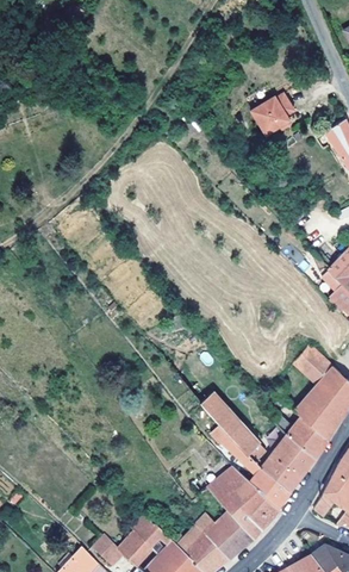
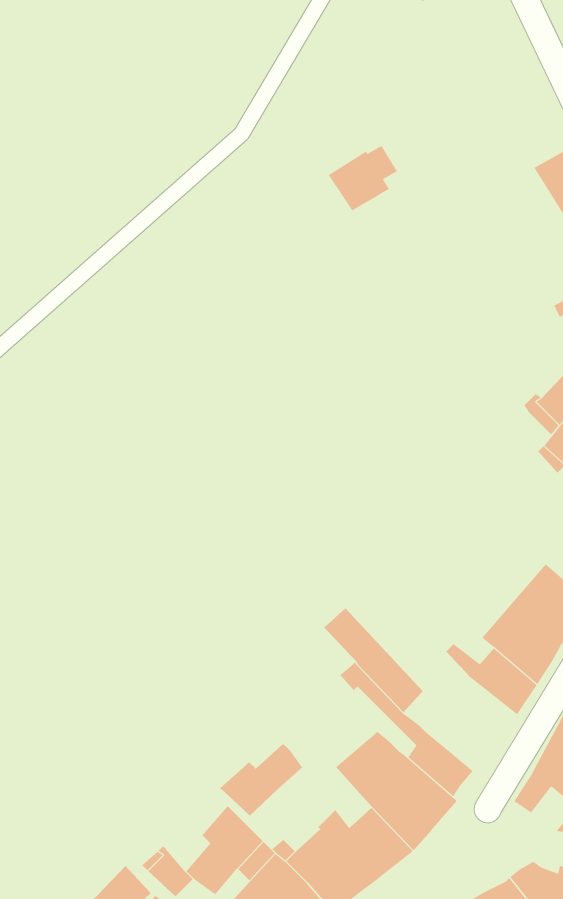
building: [251,94,293,133] -> [328,145,398,211]
building: [292,346,332,385] -> none
building: [261,435,316,491] -> none
building: none -> [220,743,303,816]

